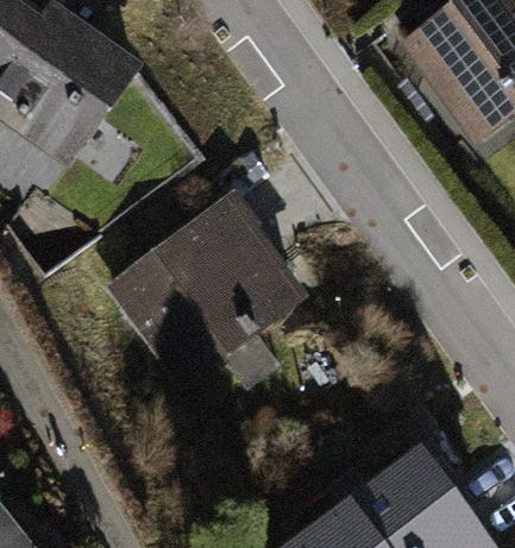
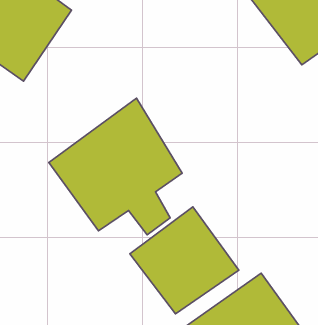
building: none -> [130,207,239,314]

